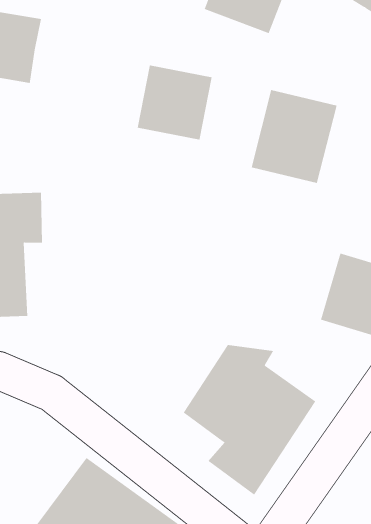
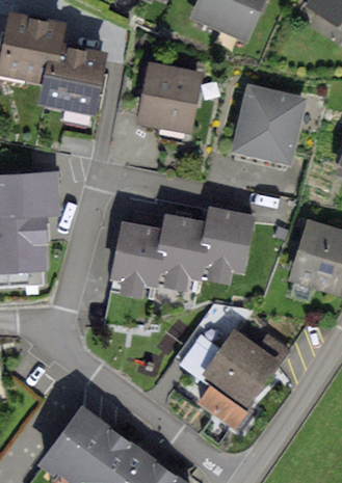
building: none -> [43,55,102,112]
building: none -> [104,205,258,301]

